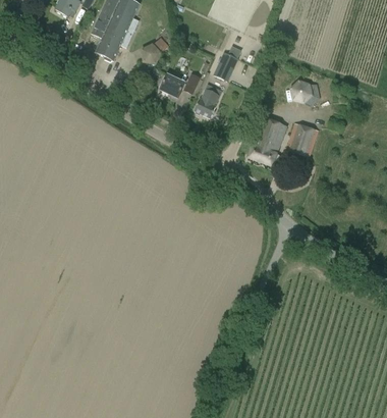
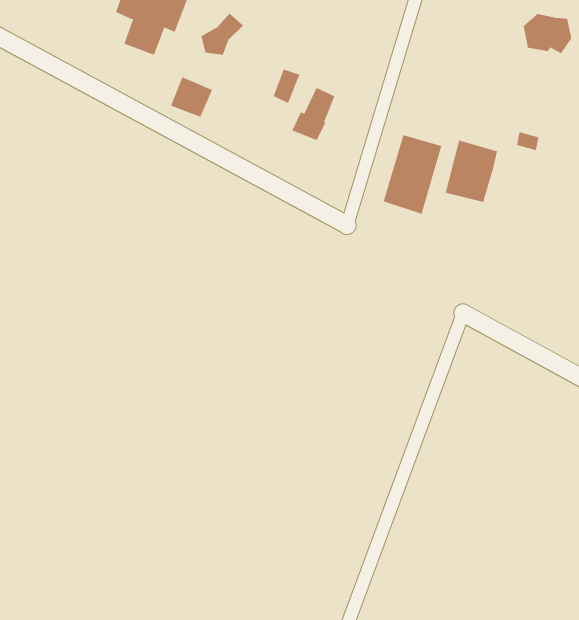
building: [213,51,239,82] -> none
building: [159,72,185,98] -> [170,76,213,118]
building: [289,80,319,105] -> [523,13,572,54]

